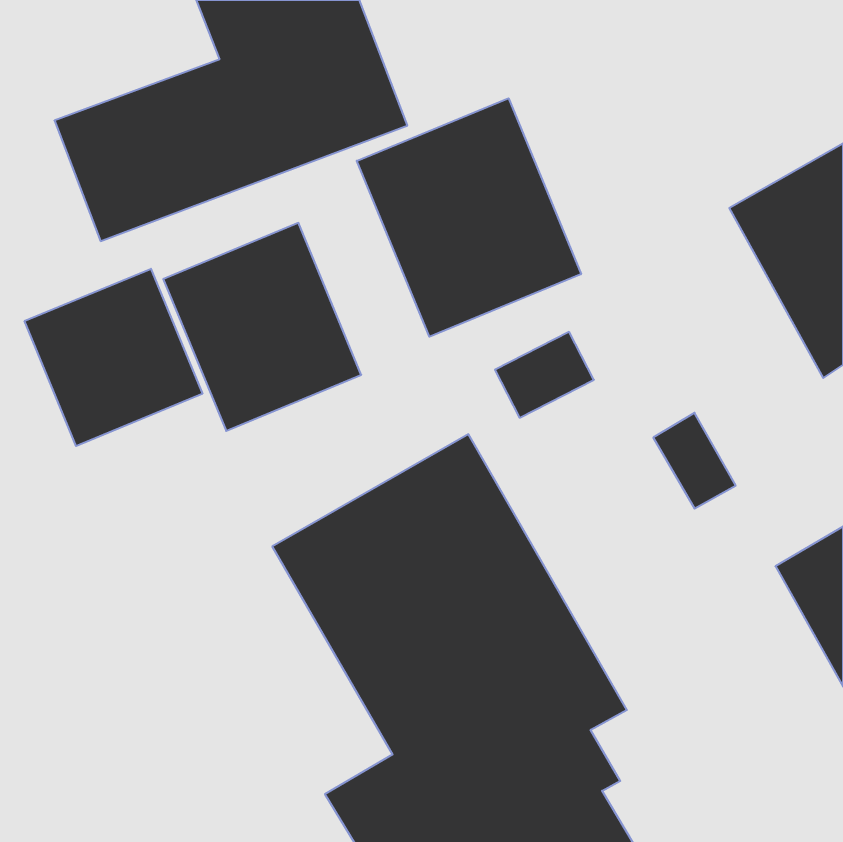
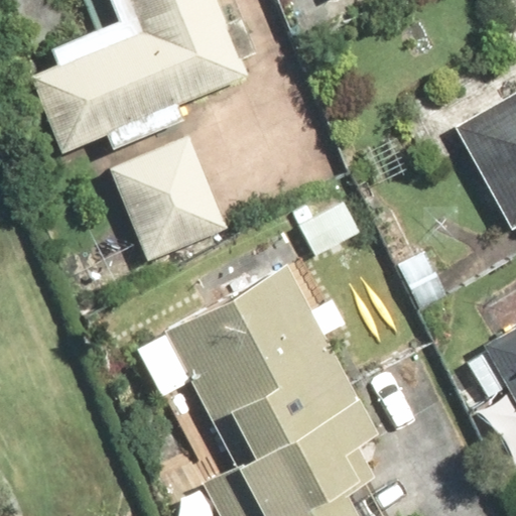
building: [357,98,581,337] -> none
building: [25,269,202,446] -> none

